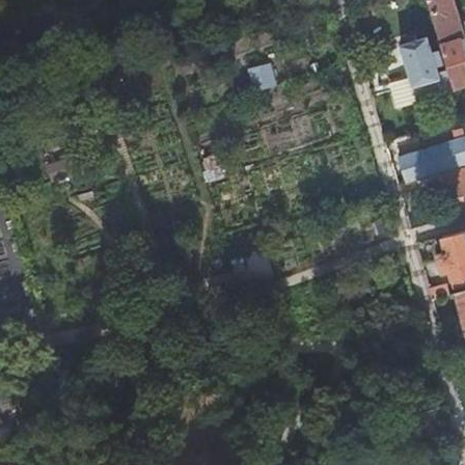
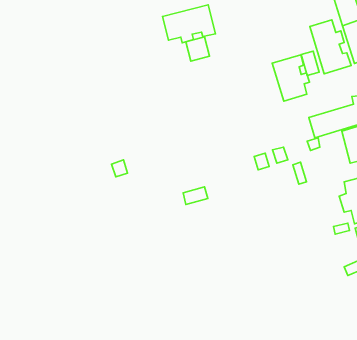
building: none -> [162,5,215,43]
building: none -> [272,55,309,101]

